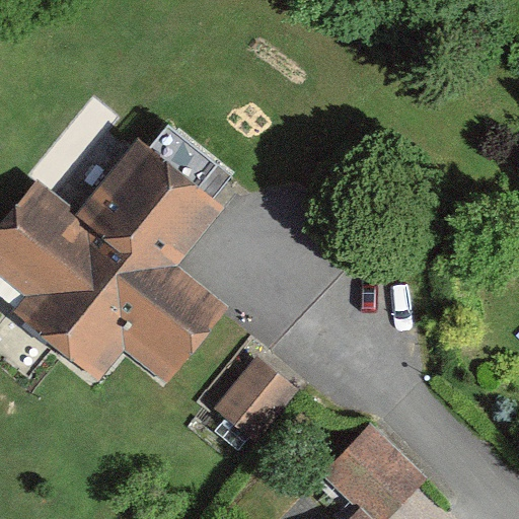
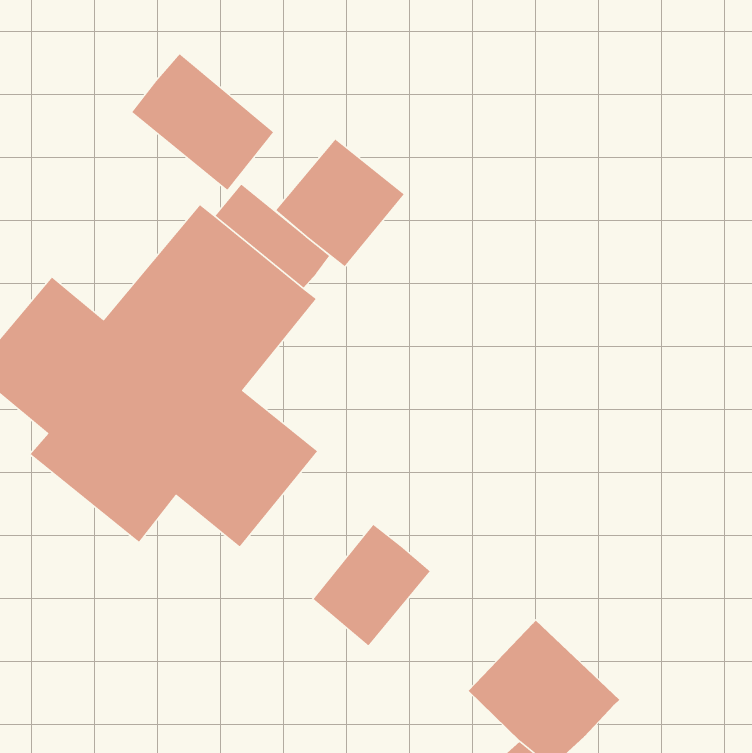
building: none -> [131,53,274,191]
building: none -> [275,139,405,267]

